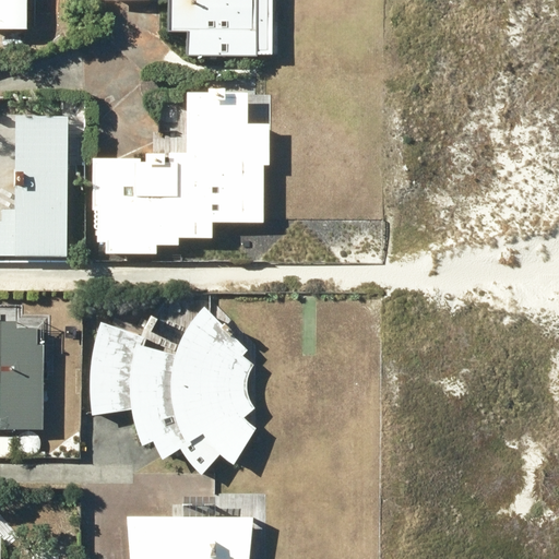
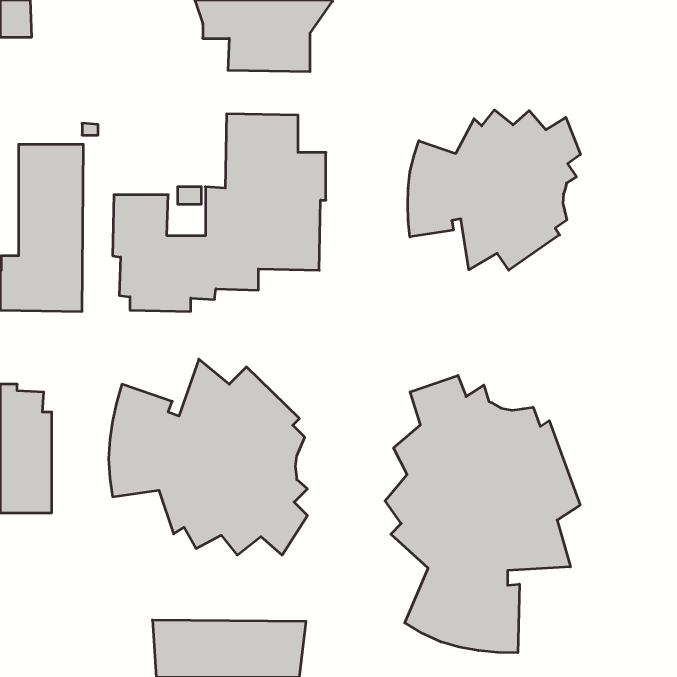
building: none -> [408,110,580,270]
building: none -> [385,375,580,653]

